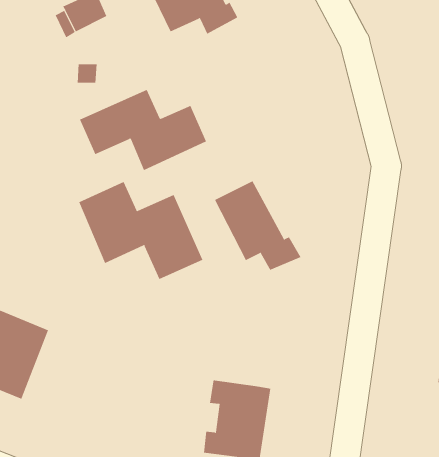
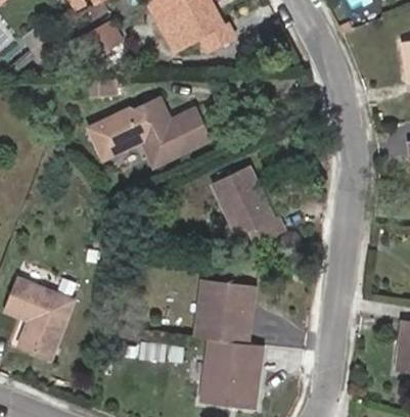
building: [78,181,203,280] -> none
building: none -> [199,284,256,349]

